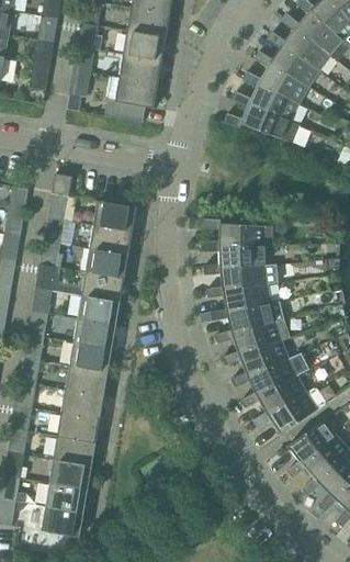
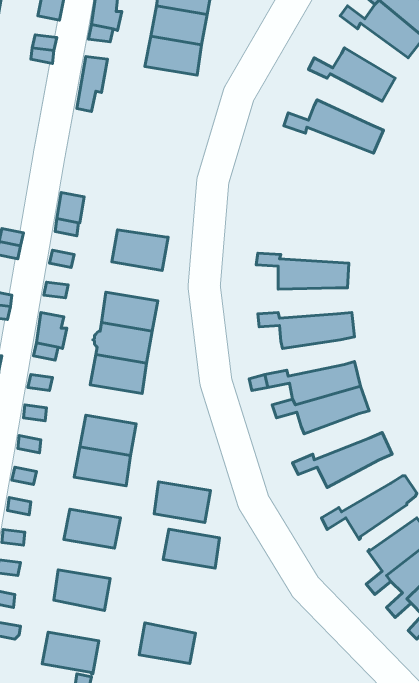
building: [253,44,318,86] -> none
building: [104,77,158,122] -> none
building: [233,82,298,121] -> none
building: [89,225,132,255] -> none
building: [203,241,264,268] -> none
building: [206,284,270,312] -> none
building: [74,318,116,348] -> none
building: [223,340,289,375] -> none
building: [240,375,305,415] -> none
building: [61,389,104,419] -> [154,482,211,522]
building: [53,436,95,465] -> [163,529,220,568]
building: [45,482,88,513] -> [139,623,196,663]

